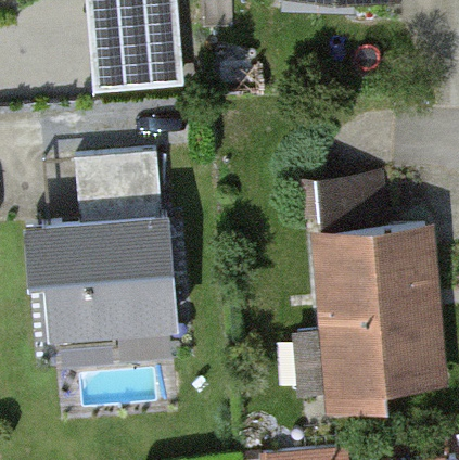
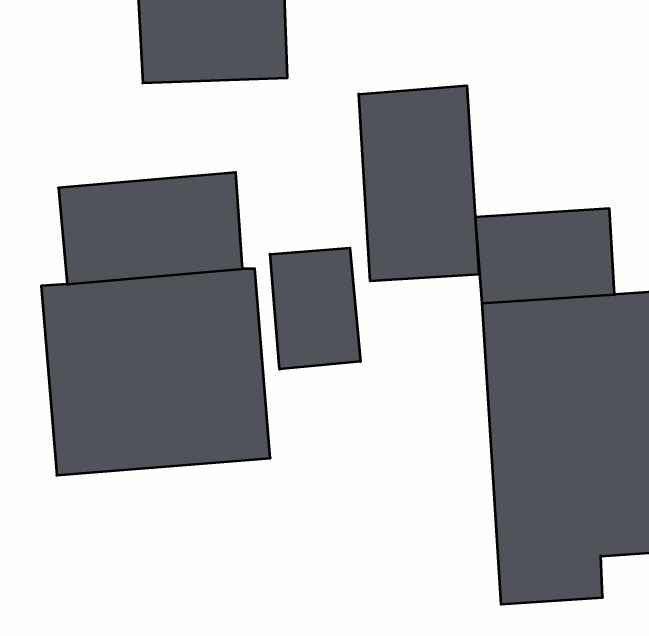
building: none -> [359,86,479,281]
building: none -> [270,248,360,369]

